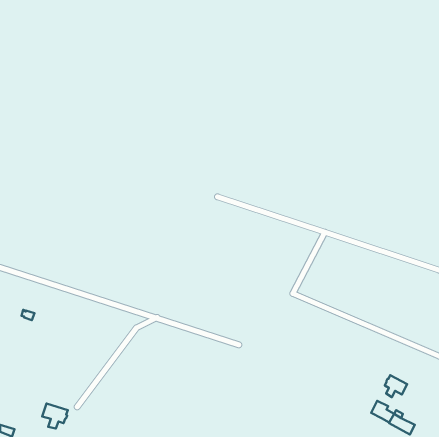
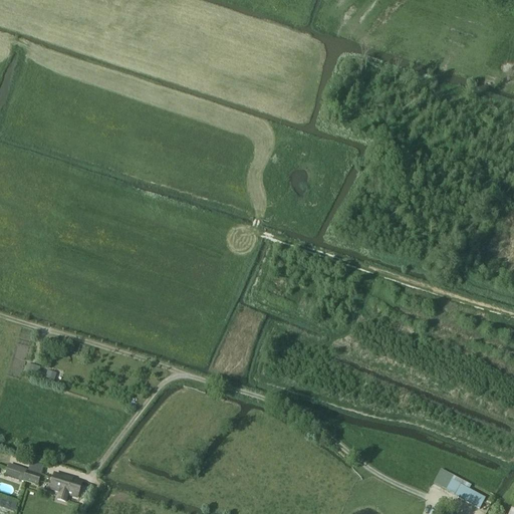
building: [385,375,407,397] -> none
building: none -> [5,460,43,483]

